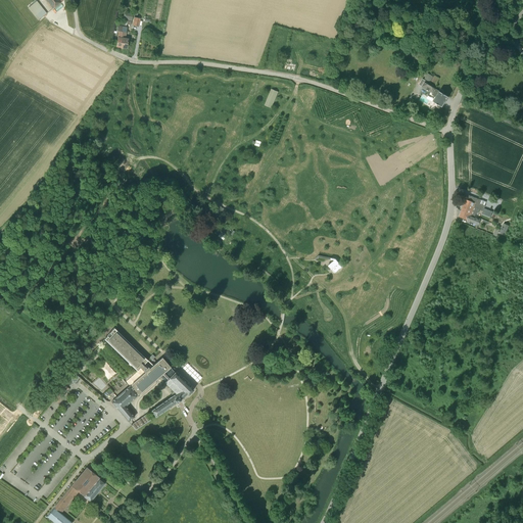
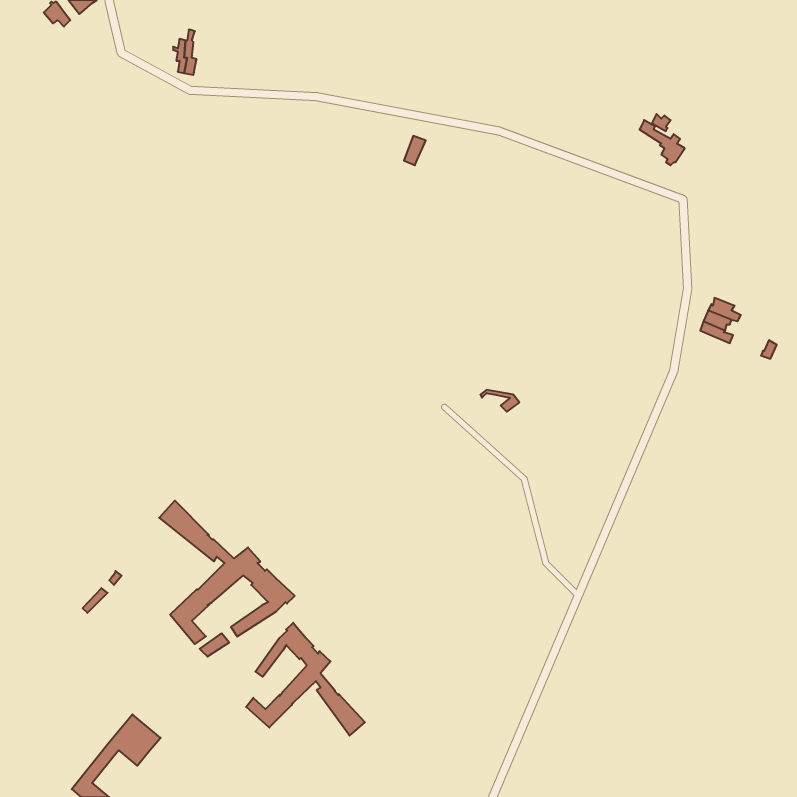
building: none -> [246,623,365,736]

